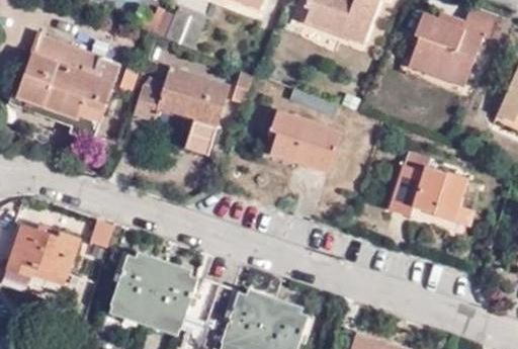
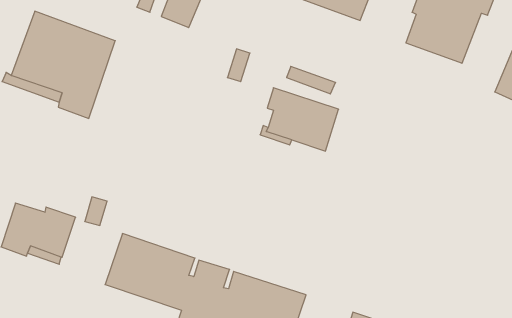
building: [133,67,230,156] -> none
building: [390,166,467,221] -> none

